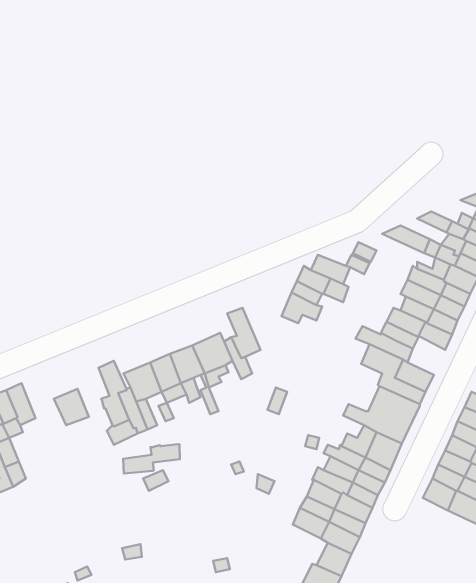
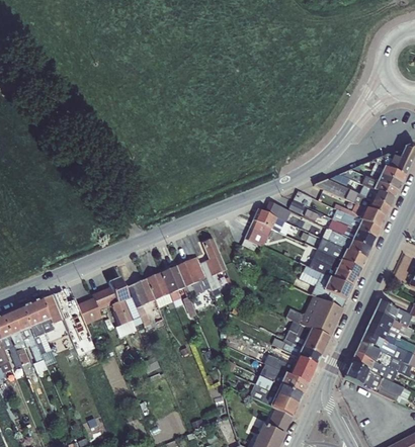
building: none -> [333,259,360,287]
building: none -> [90,282,117,307]
building: [123,444,180,474] -> none

